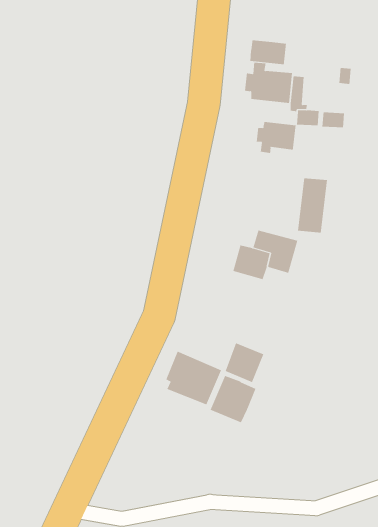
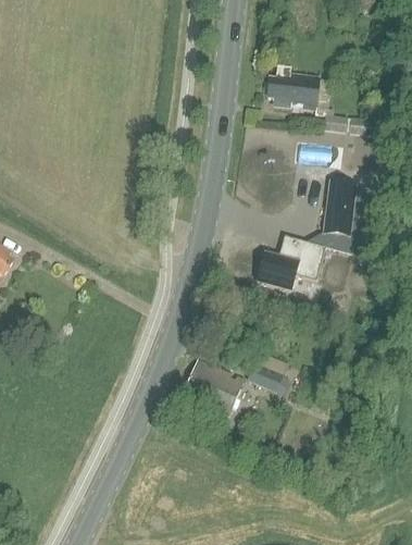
building: [250,39,286,65] -> none
building: [256,121,296,154] -> none
building: [210,375,256,423] -> none

